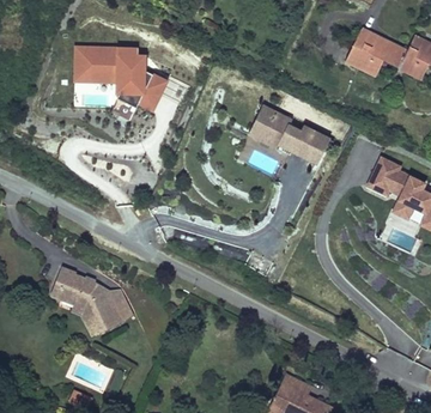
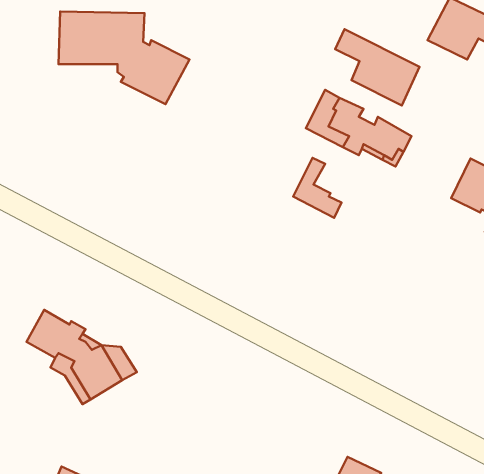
building: none -> [335,29,419,106]
building: none -> [293,158,341,218]

